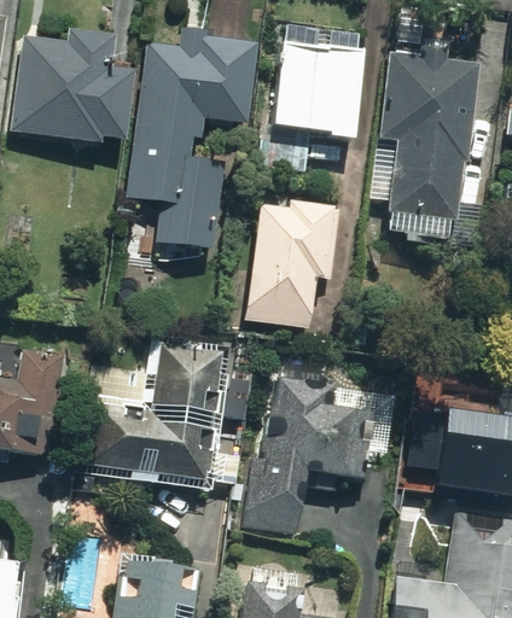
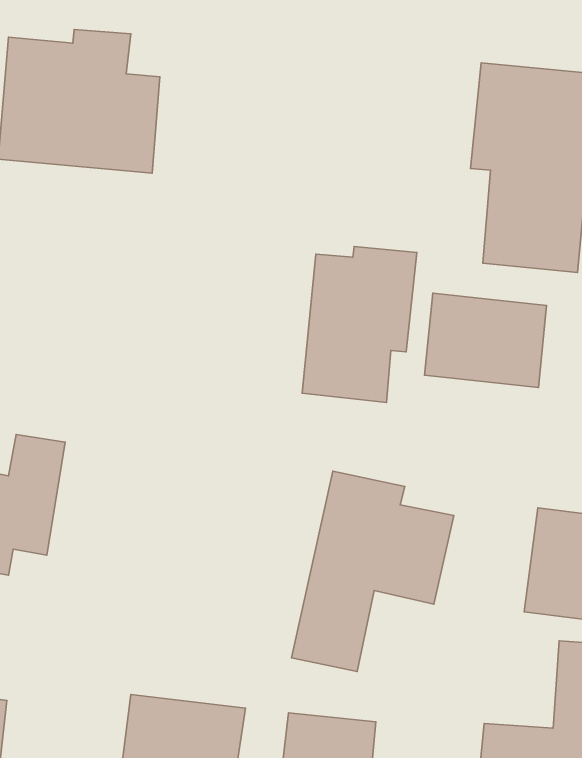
building: [128,30,261,253] -> none
building: [280,39,367,134] -> none
building: none -> [425,293,547,387]
building: [86,346,221,478] -> none

